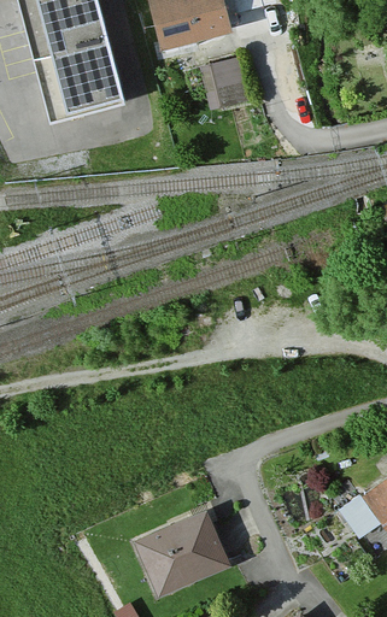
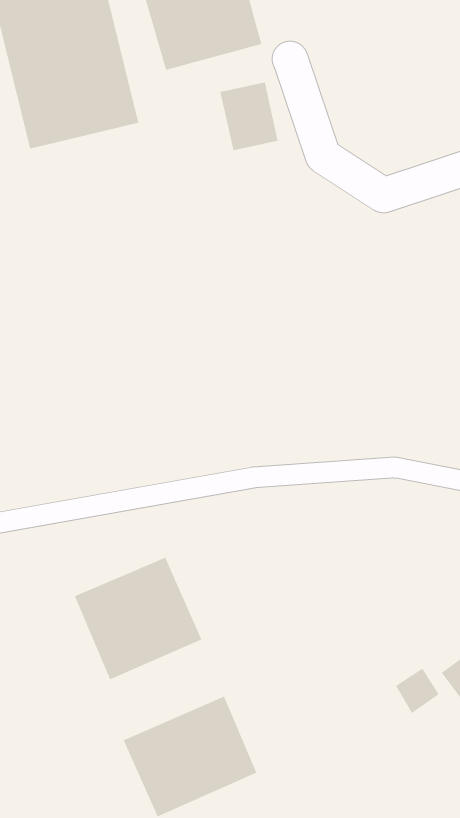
building: none -> [74,557,202,680]

